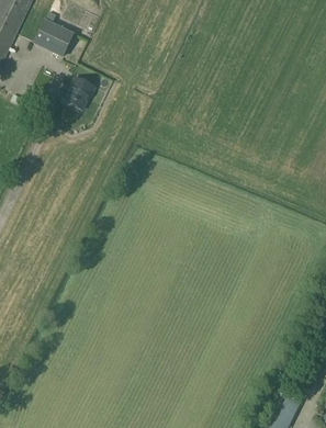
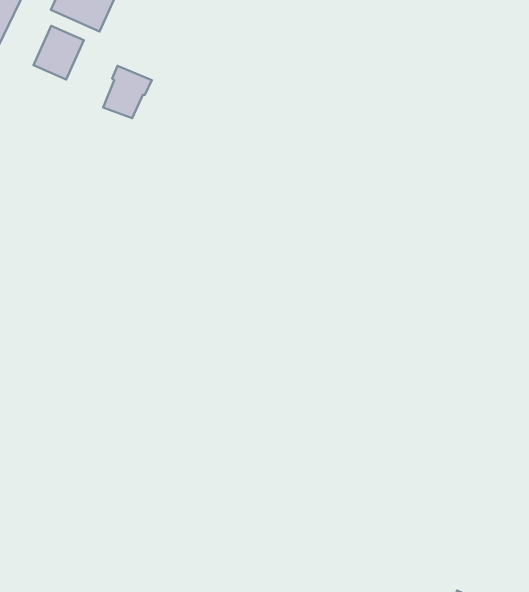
building: none -> [34,26,84,80]

